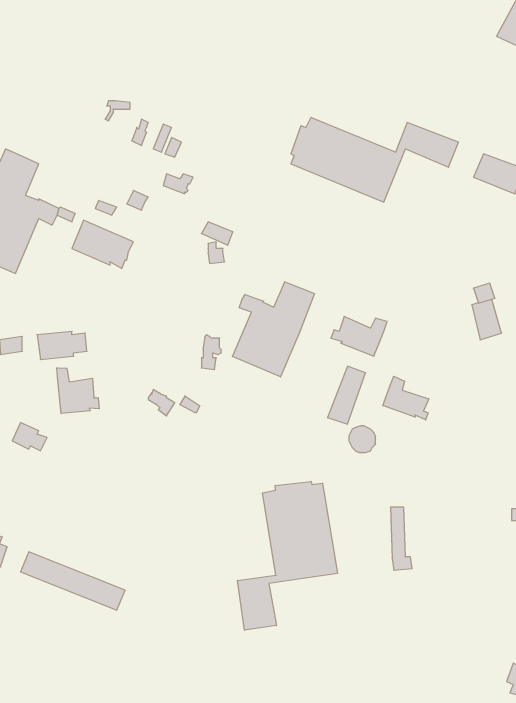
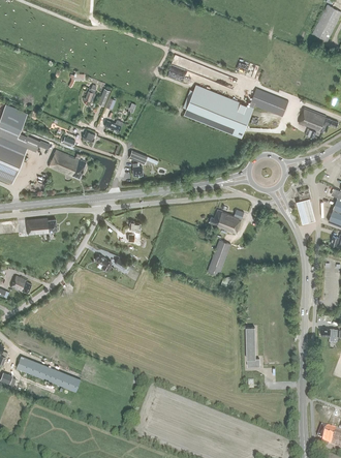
building: [232,282,314,377] -> none
building: [57,368,99,414] -> none
building: [383,376,429,420] -> none
building: [238,481,337,630] -> none

